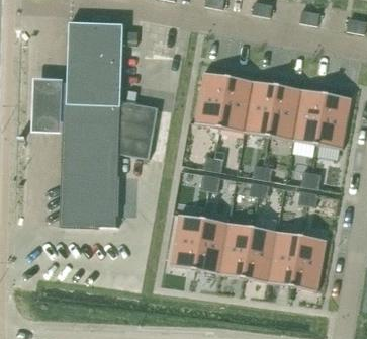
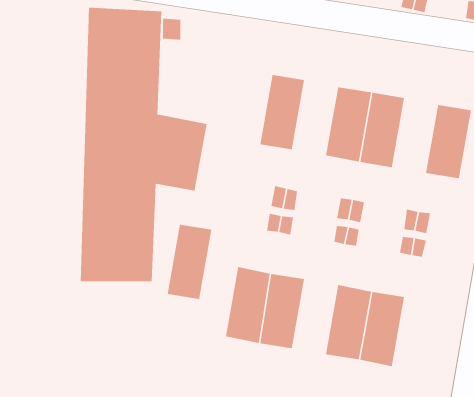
building: [219,76,253,132] -> none
building: [29,81,61,137] -> none
building: [293,89,327,145] -> none
building: [219,223,253,278] -> [167,224,212,300]
building: [293,236,327,291] -> none

